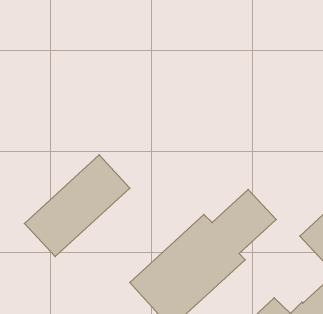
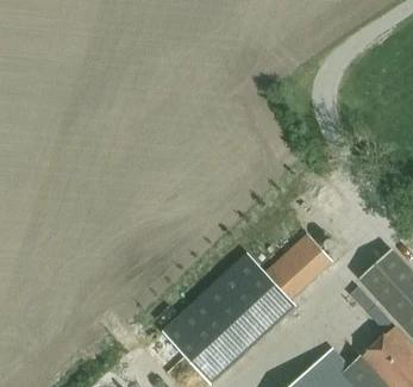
building: [25,155,130,257] -> none

